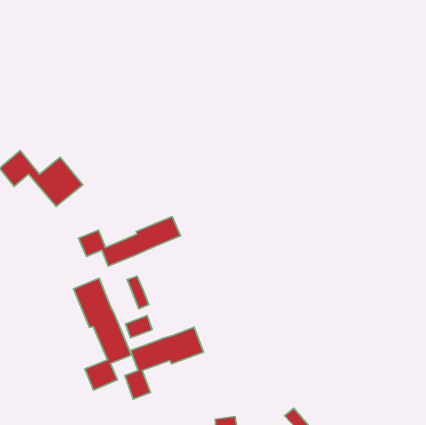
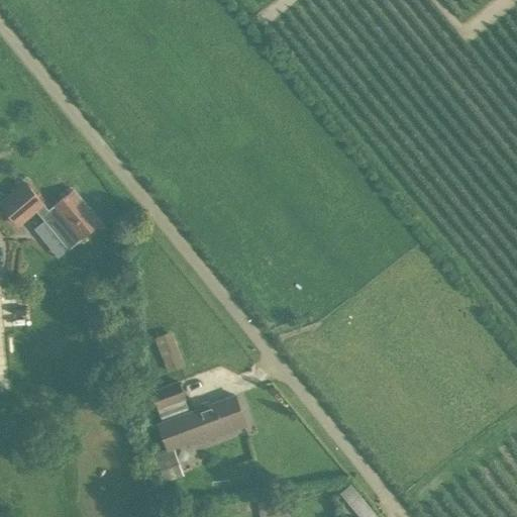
building: [79,216,181,266] -> none
building: [73,278,131,390] -> none

